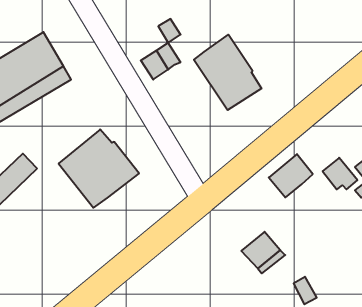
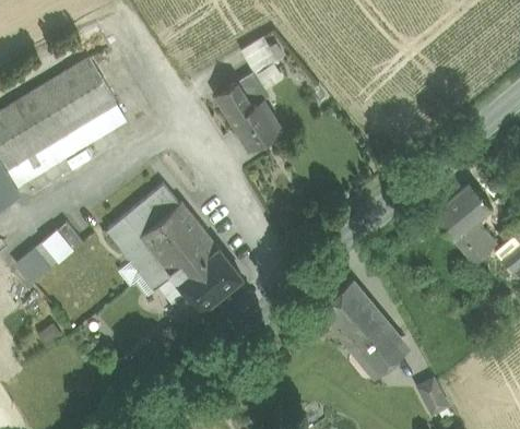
building: [194,35,261,110] -> none
building: none -> [233,102,281,150]
building: [269,154,313,197] -> [434,184,492,241]
building: none -> [173,245,240,312]
building: none -> [319,285,380,346]

